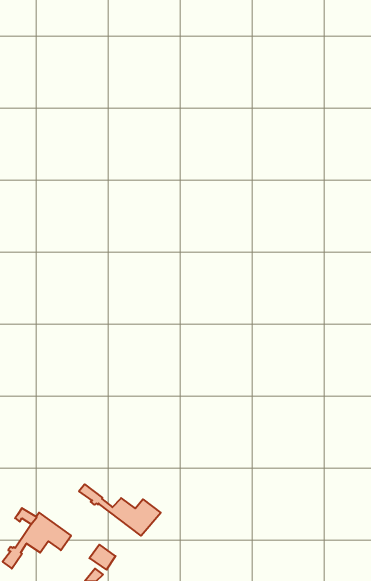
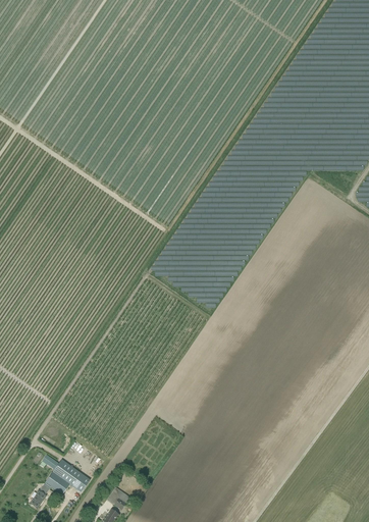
building: [79,484,161,536] -> none

